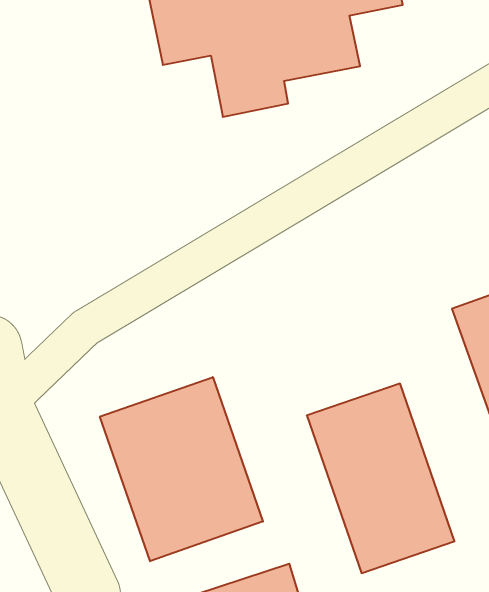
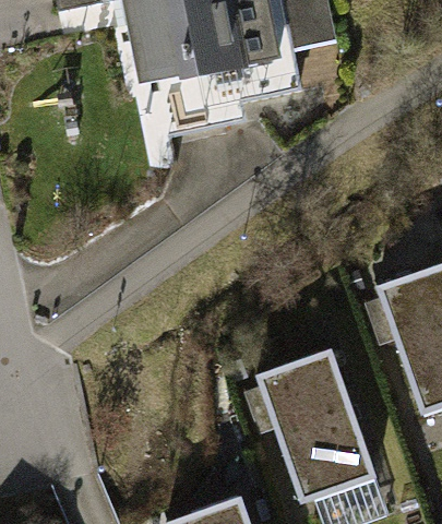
building: [100,377,263,561] -> none

